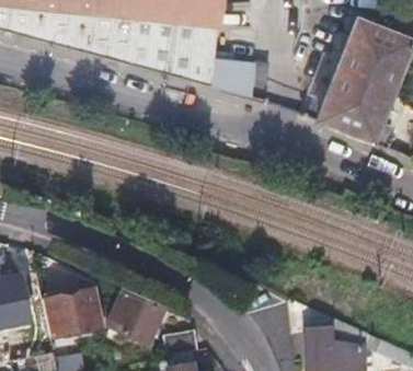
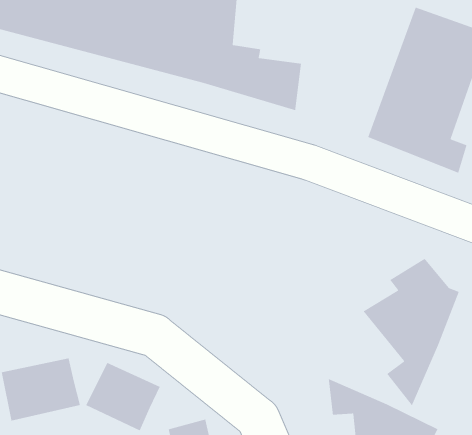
building: none -> [363,258,460,407]

